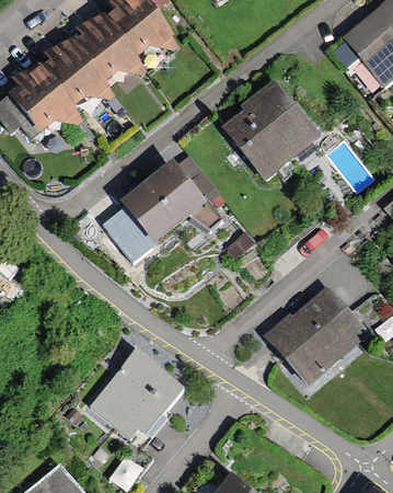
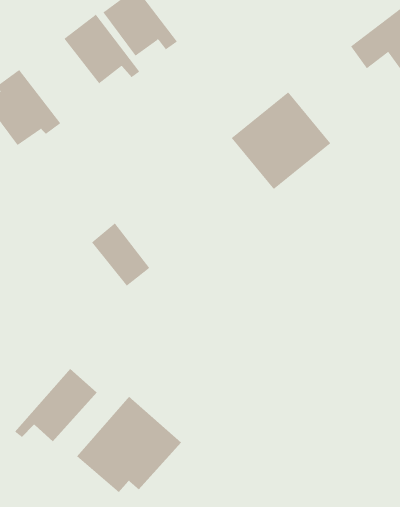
building: [46,48,111,107] -> none
building: [124,151,223,238] -> none
building: [265,291,359,382] -> none
building: none -> [14,368,97,442]

